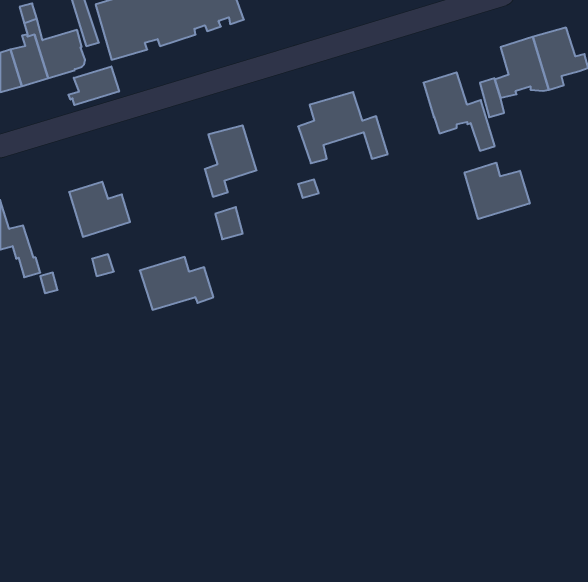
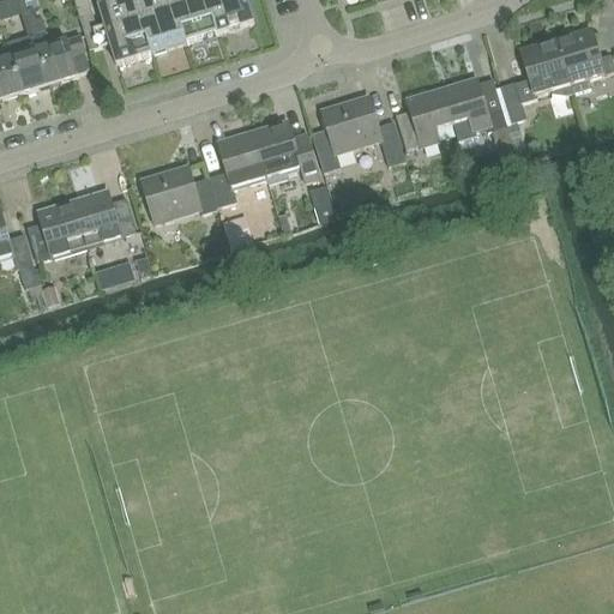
building: [68,66,119,105] -> none
building: none -> [396,86,452,148]
building: none -> [253,120,320,180]
building: [465,163,530,219] -> none
building: none -> [28,200,86,261]
building: [140,257,213,310] -> [142,167,218,222]

